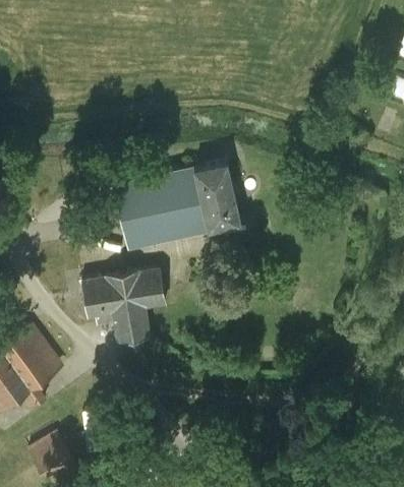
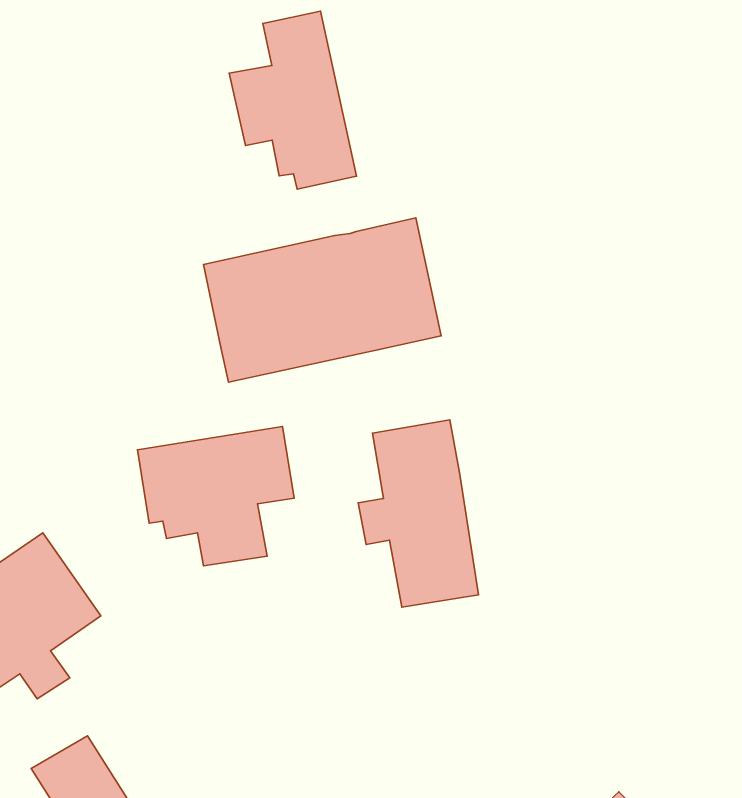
building: none -> [229,11,356,189]
building: none -> [358,420,478,607]

